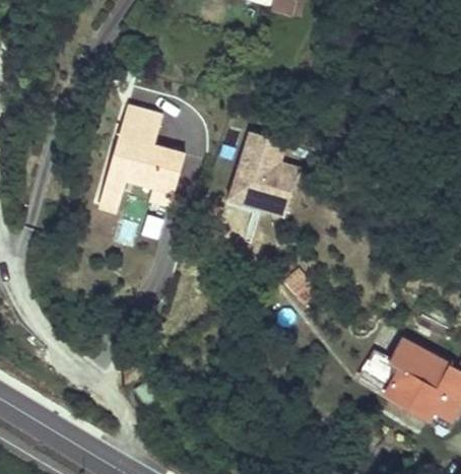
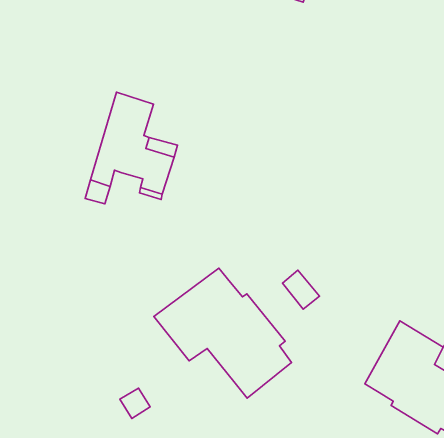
building: [227,131,300,217] -> none
building: none -> [154,268,292,398]

